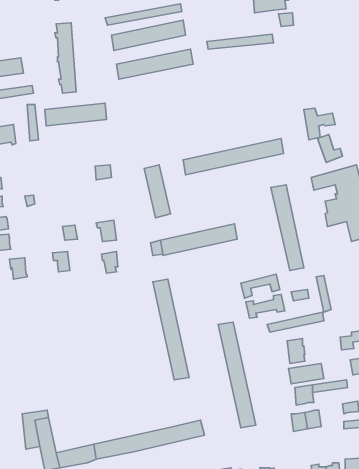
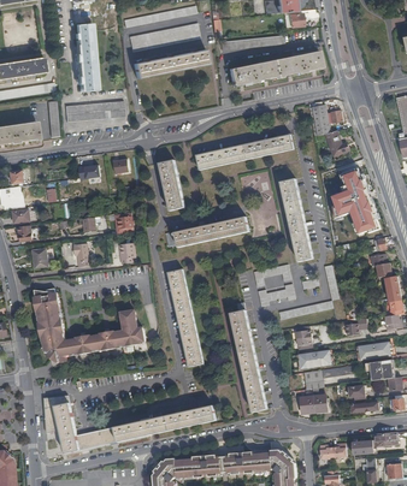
building: none -> [229,51,320,84]
building: none -> [34,286,146,362]

